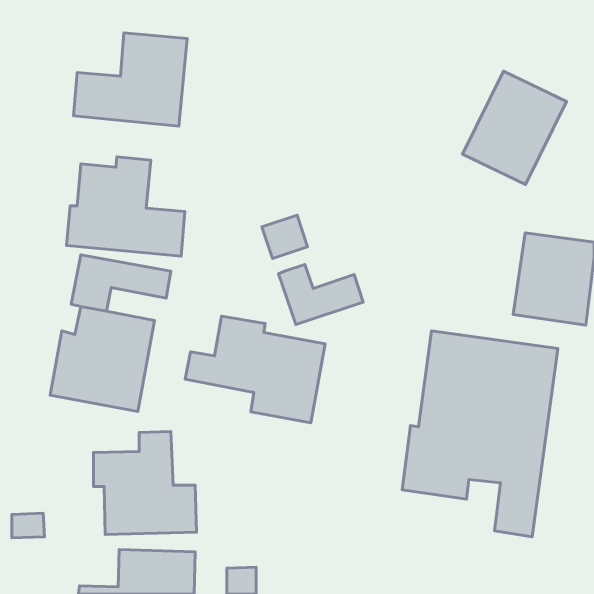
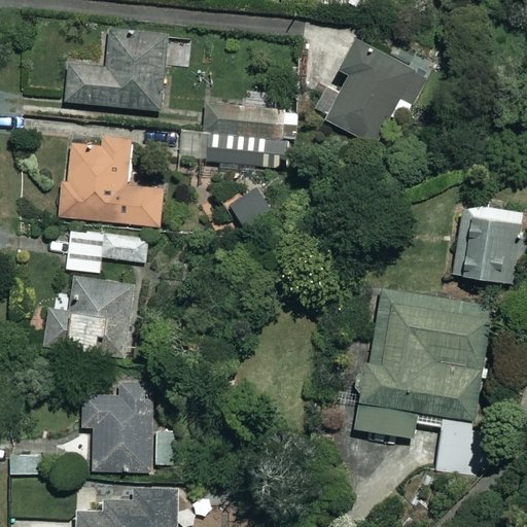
building: [462,71,567,185] -> [318,42,410,142]
building: none -> [181,99,284,172]
building: [279,264,363,325] -> none
building: [185,316,325,423] -> none

